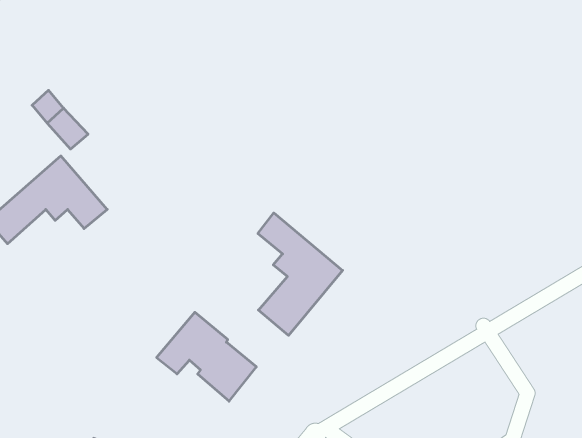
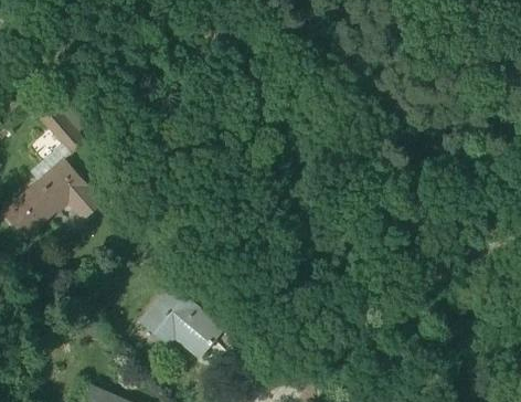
building: [258,213,343,335] -> none

